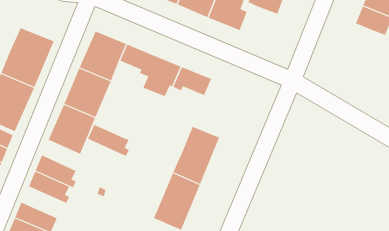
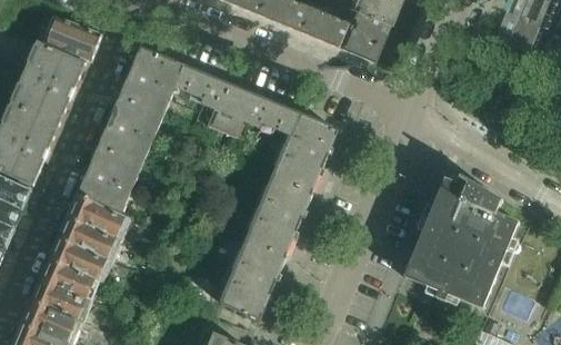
building: none -> [339,11,390,61]
building: none -> [47,16,101,61]
building: none -> [273,112,337,193]
building: [87,124,130,157] -> [68,196,126,240]
building: none -> [403,176,518,309]
building: none -> [40,259,102,303]

